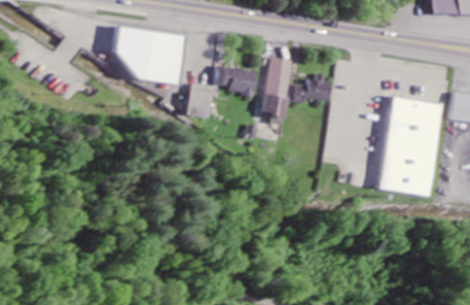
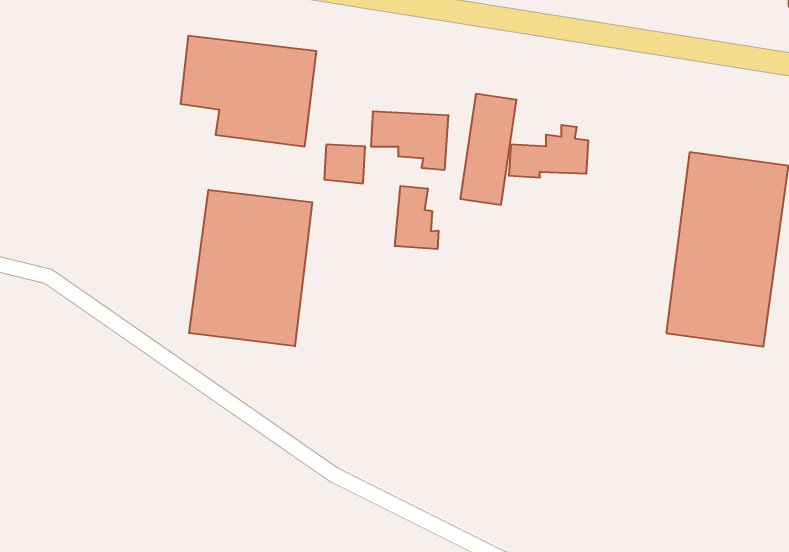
building: none -> [395,186,439,249]
building: none -> [189,190,312,346]

